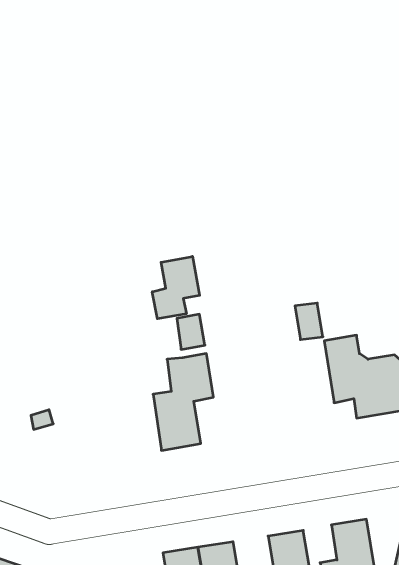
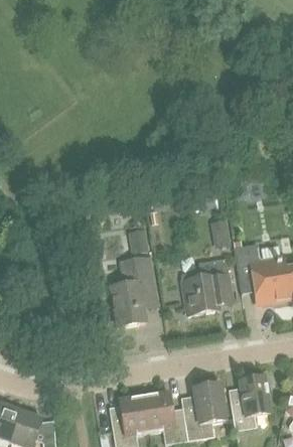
building: [152,256,200,319] -> none
building: none -> [180,258,232,314]

